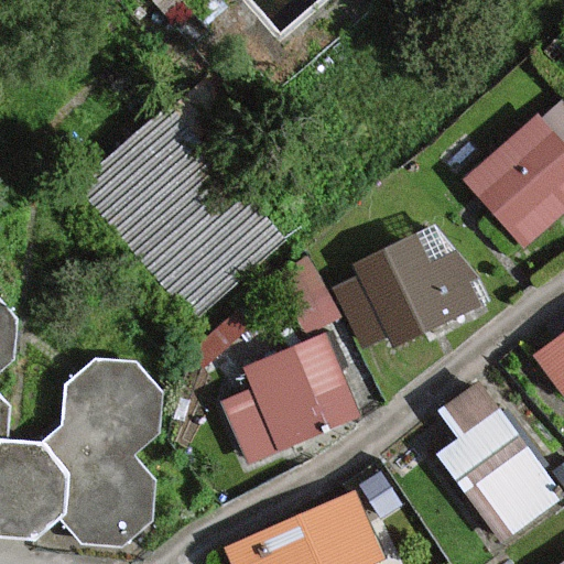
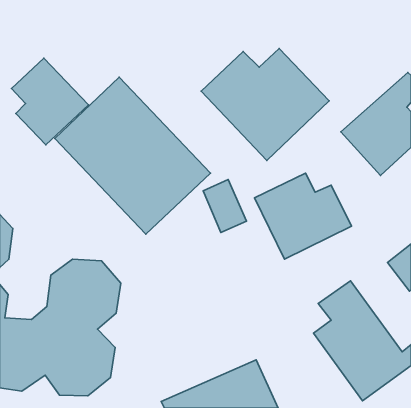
building: none -> [201,48,329,161]
building: none -> [12,58,88,145]
building: [224,339,359,464] -> none

